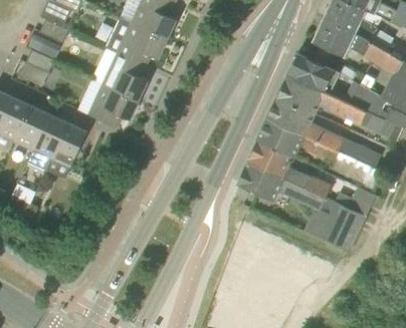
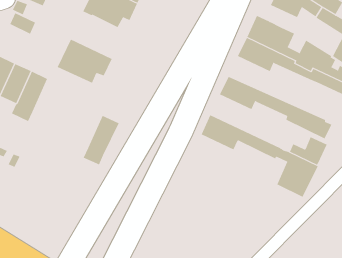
building: [93,47,149,99] -> none
building: [267,96,380,167] -> none
building: [47,121,87,177] -> [83,115,119,165]
building: [247,138,331,198] -> none

